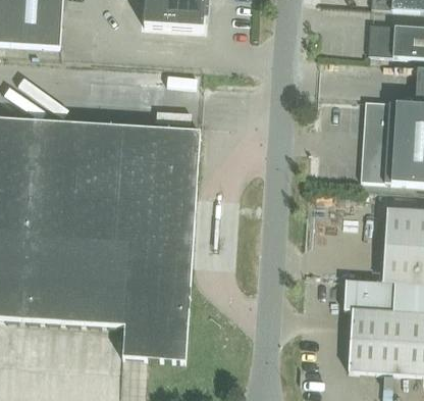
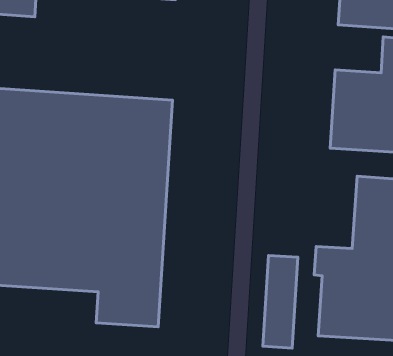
building: none -> [263,255,298,348]

